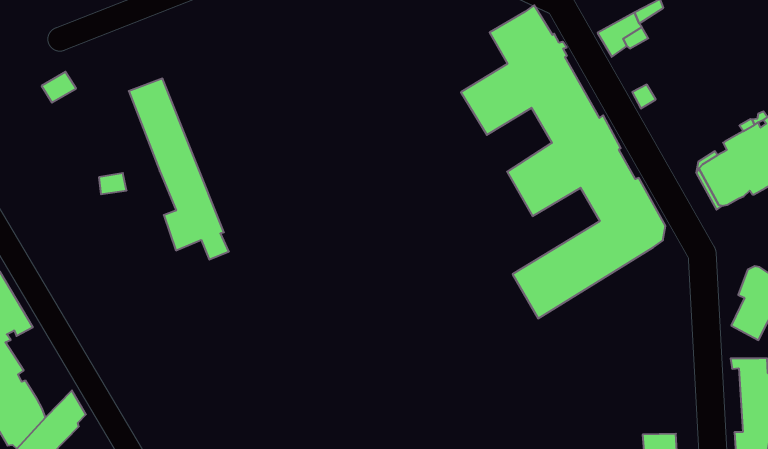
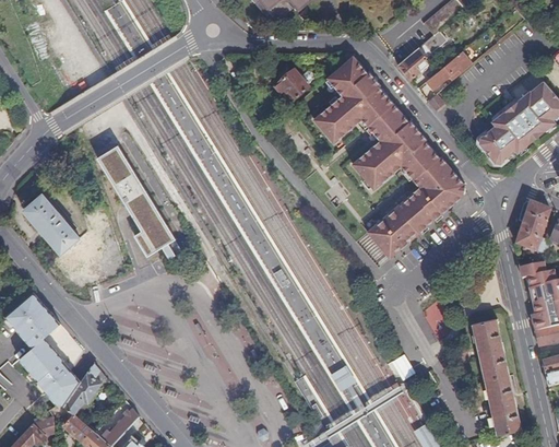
building: none -> [274,69,313,99]
building: none -> [425,51,469,90]
building: none -> [23,192,79,252]

